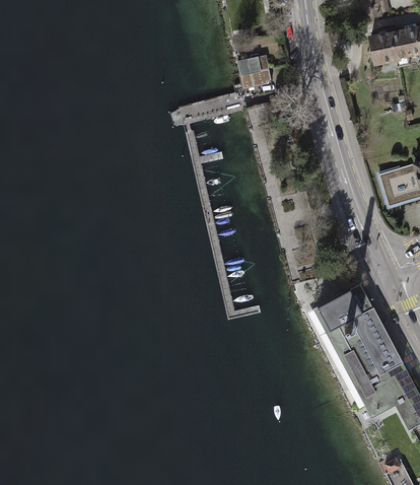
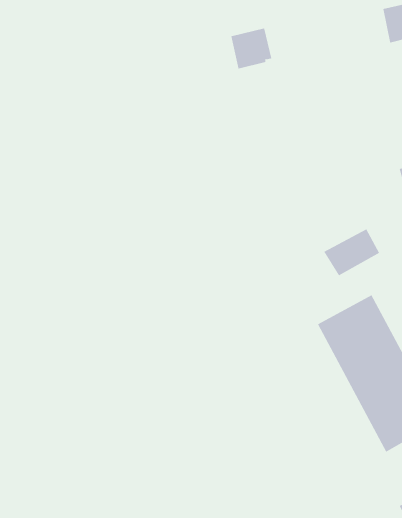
building: none -> [324,228,380,276]

